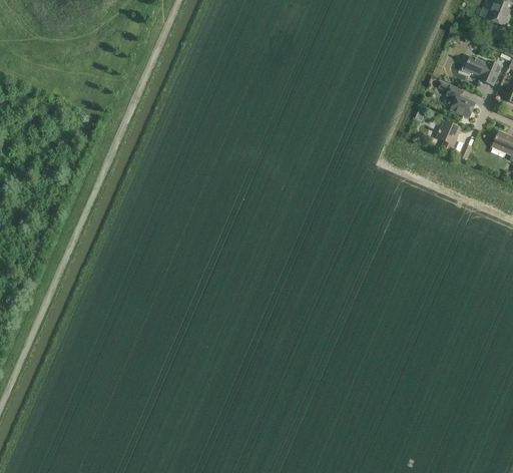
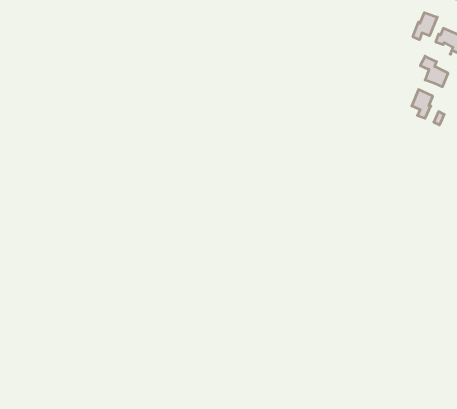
building: none -> [413,13,437,40]

